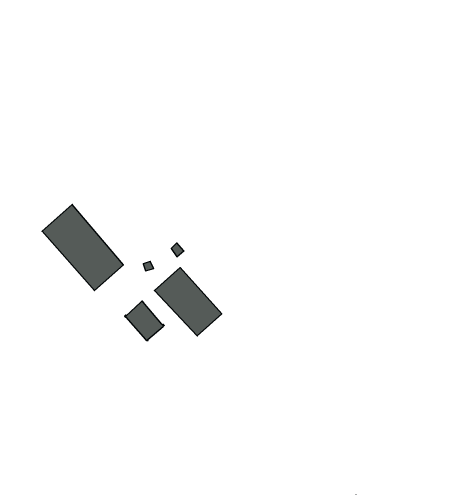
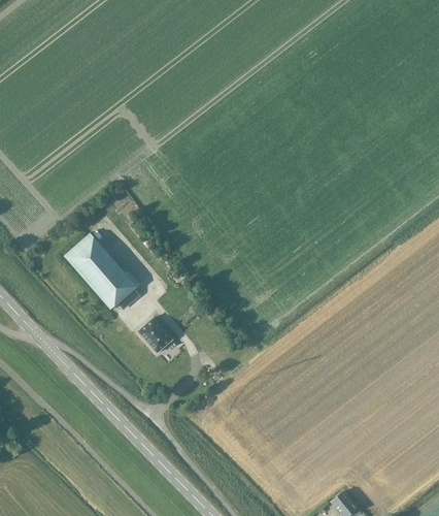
building: [154,268,222,336] -> none

